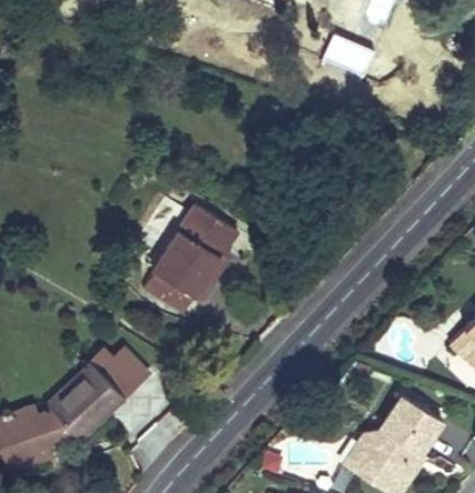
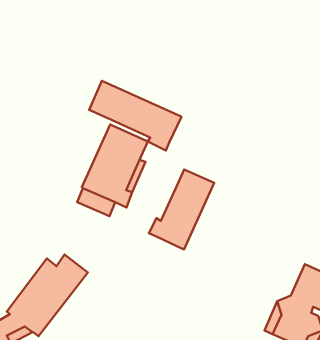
building: none -> [89,81,181,151]
building: none -> [149,170,214,249]

